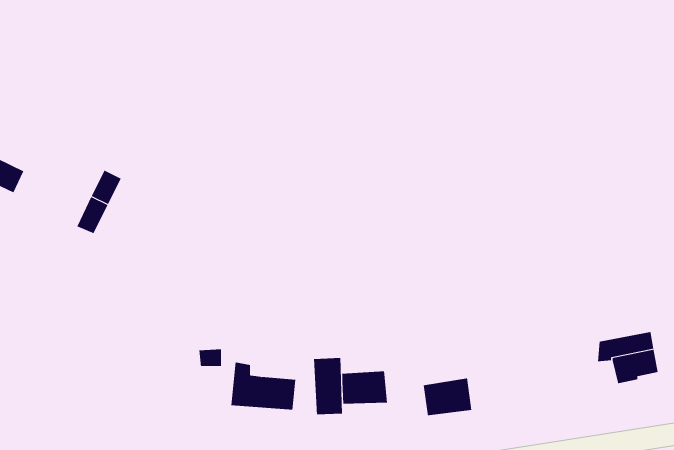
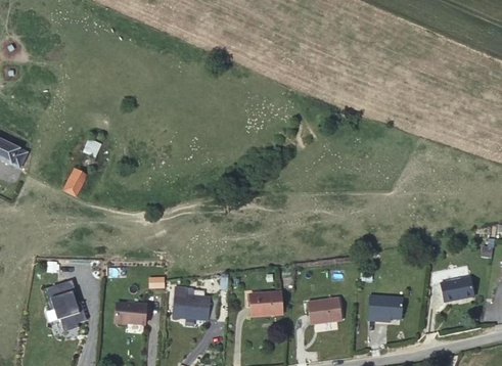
building: none -> [49,280,84,332]
building: [313,357,342,415] -> none
building: none -> [367,295,403,321]
building: none -> [115,304,146,324]

